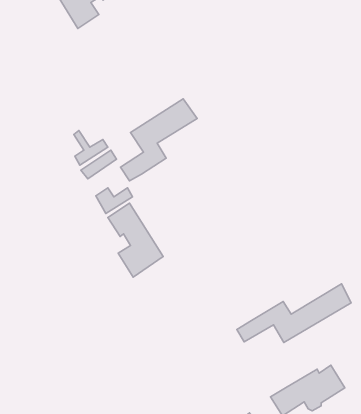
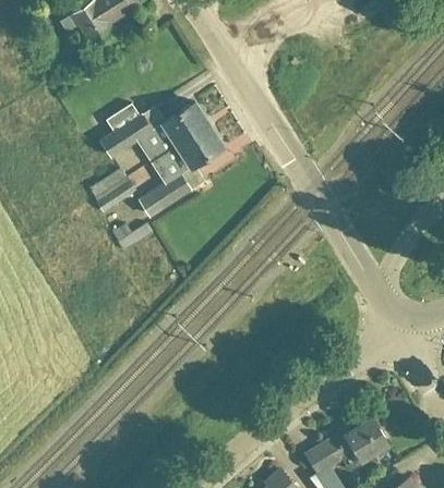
building: none -> [101,102,208,162]
building: [108,203,163,277] -> none
building: [237,284,351,342] -> none

